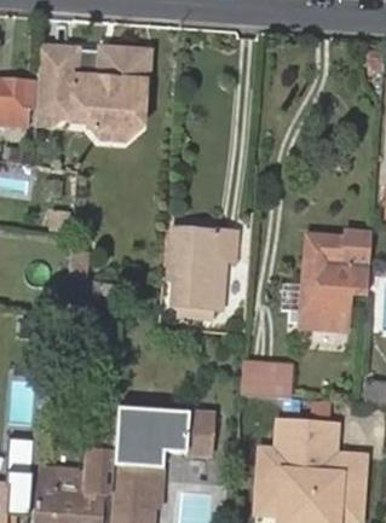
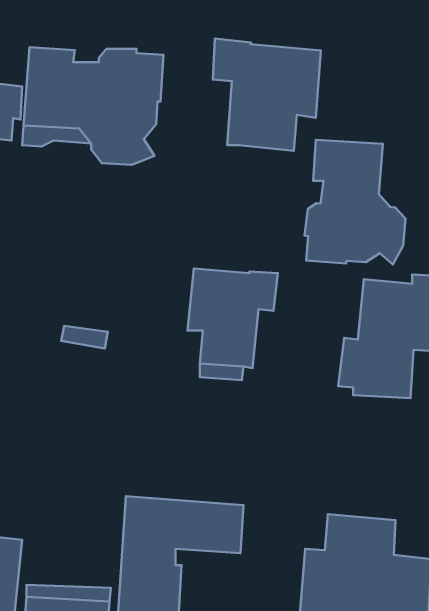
building: none -> [213,38,321,151]
building: none -> [304,140,405,265]
building: [238,364,289,399] -> none

